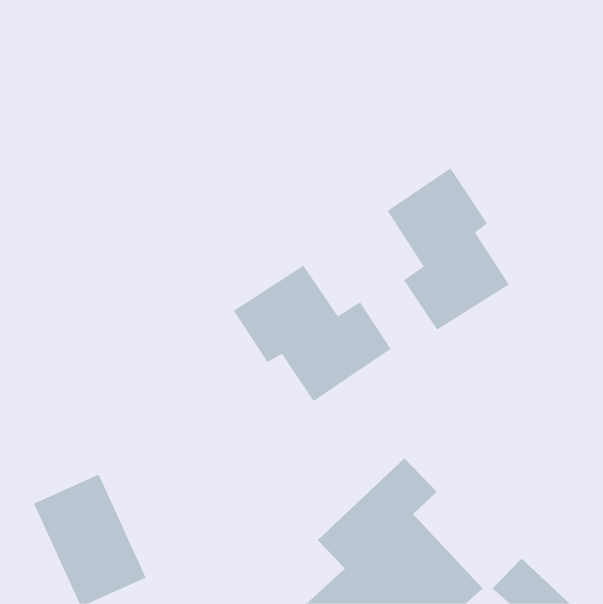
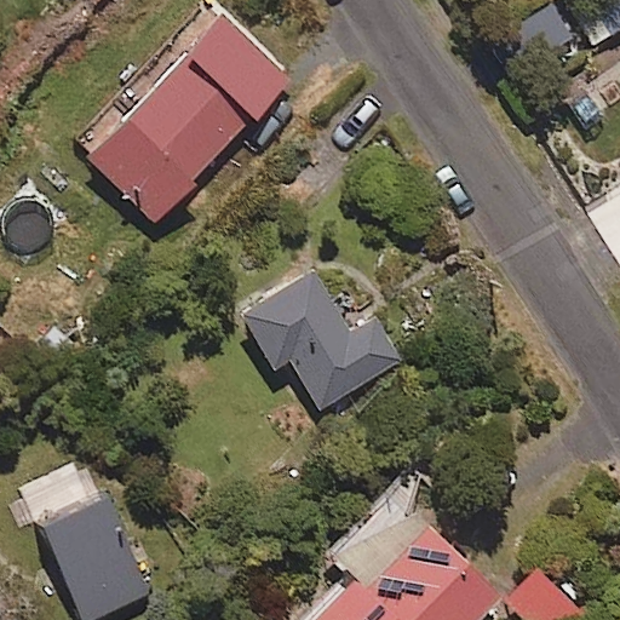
building: none -> [87,16,289,223]
building: [387,168,509,331] -> none

